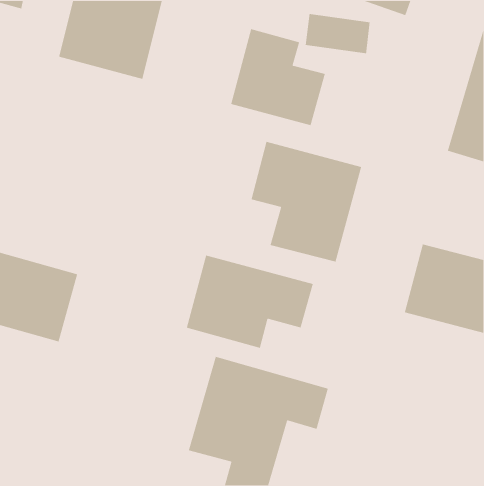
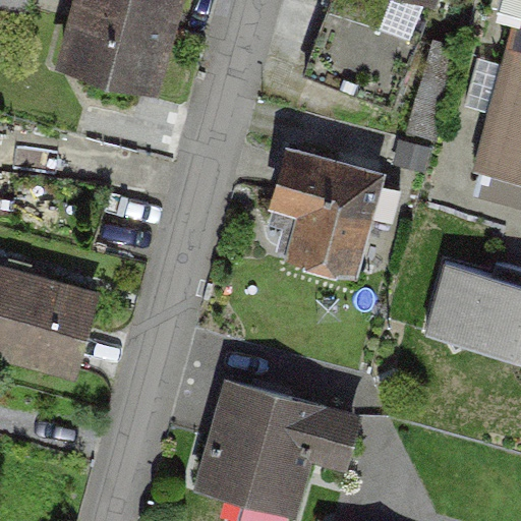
building: [230,28,326,126] -> none
building: [186,255,314,349] -> none

